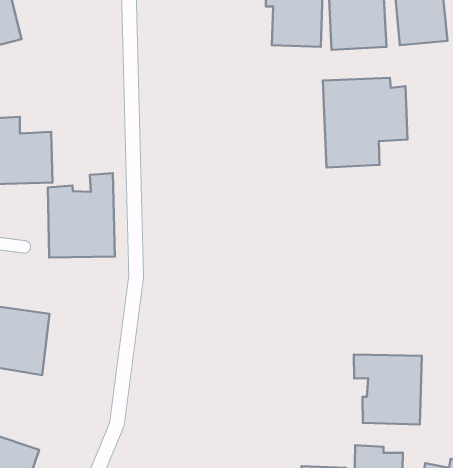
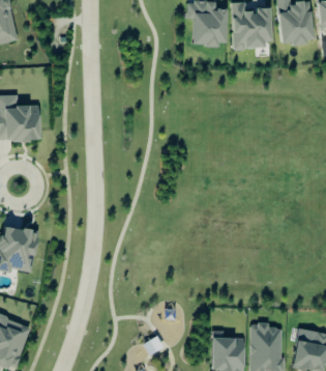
building: [323,78,407,167] -> none
building: [48,173,115,258] -> none
building: [354,355,422,425] -> none

